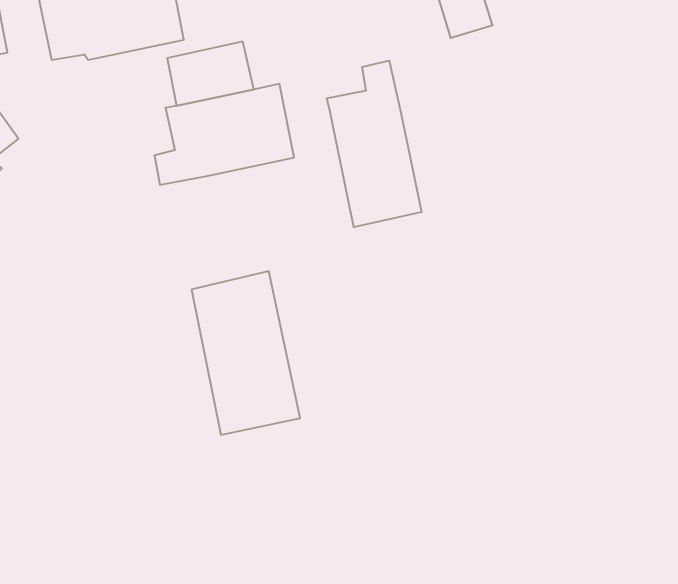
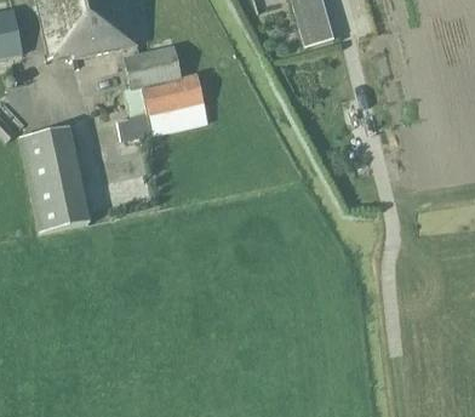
building: [327,61,422,227] -> none
building: [192,271,300,435] -> [18,125,90,233]

